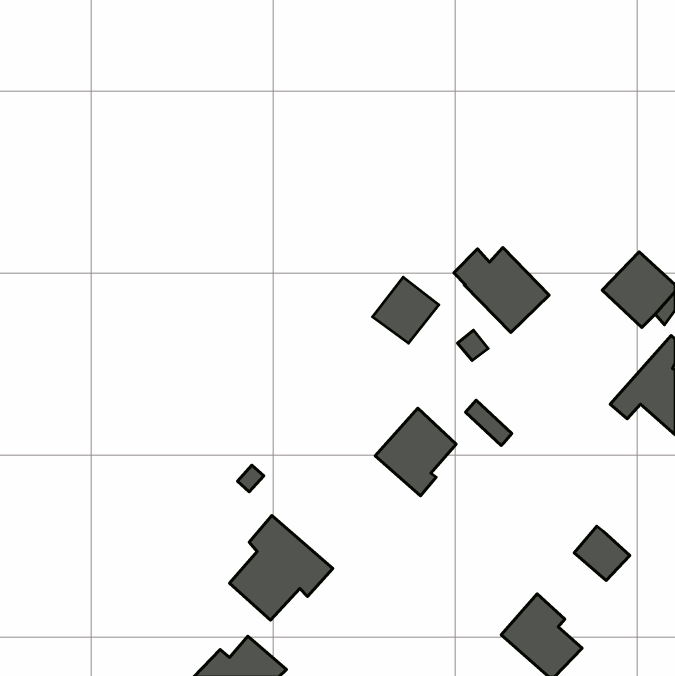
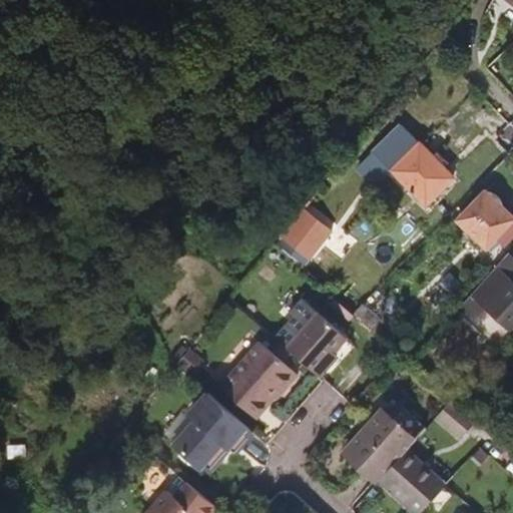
building: [454,248,549,332] -> [381,142,453,206]
building: none -> [272,296,316,346]
building: none -> [219,340,297,416]
building: none -> [344,408,425,481]

